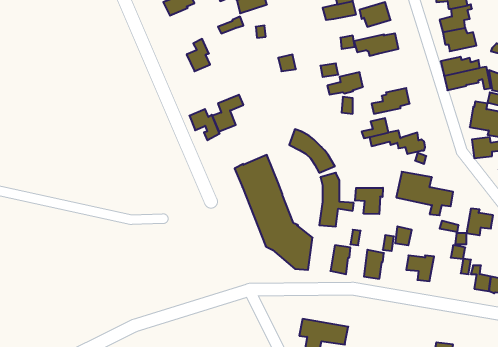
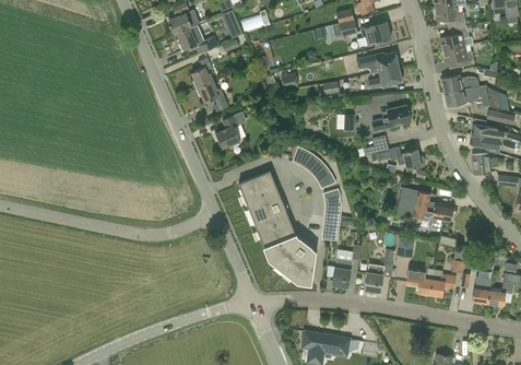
building: none -> [177,25,217,54]
building: [327,72,363,95] -> [367,67,402,89]
building: [189,109,220,140] -> [199,82,228,113]
building: [355,188,383,214] -> none
building: [466,209,493,235] -> [429,270,455,296]

